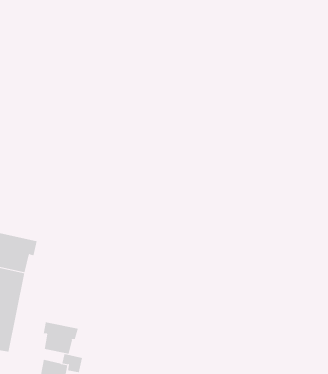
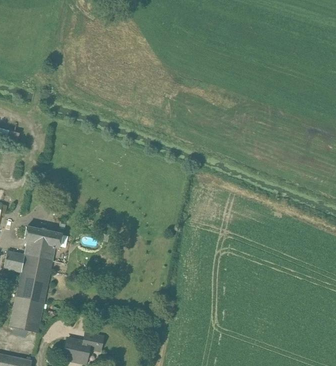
building: [43,321,78,354] -> none

